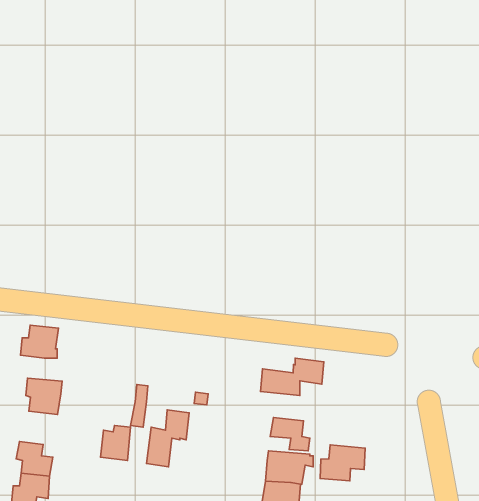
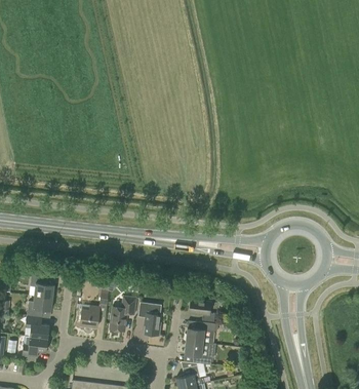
building: [21,325,59,358] -> [28,297,52,318]
building: [260,358,324,396] -> none
building: none -> [139,303,160,337]
building: [320,445,365,481] -> none

